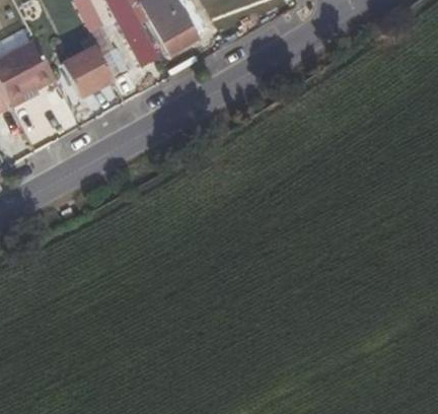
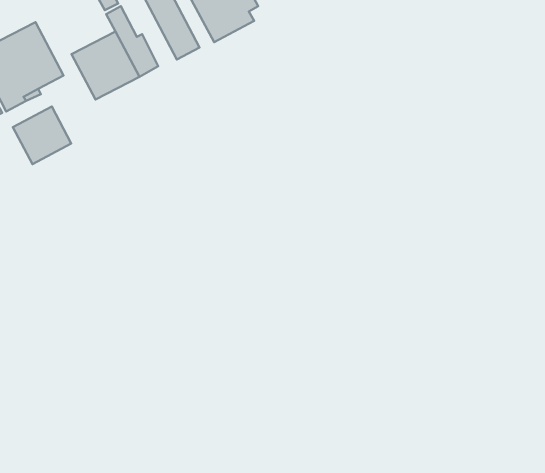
building: none -> [13,106,71,164]

